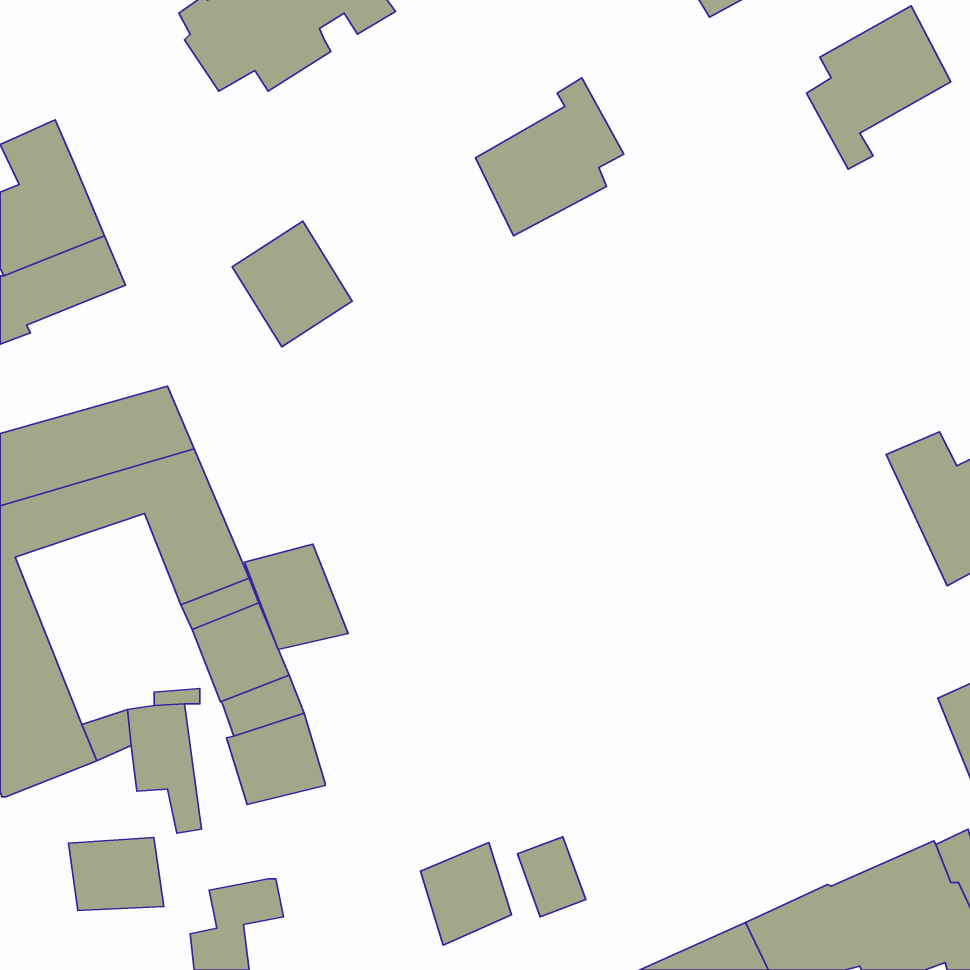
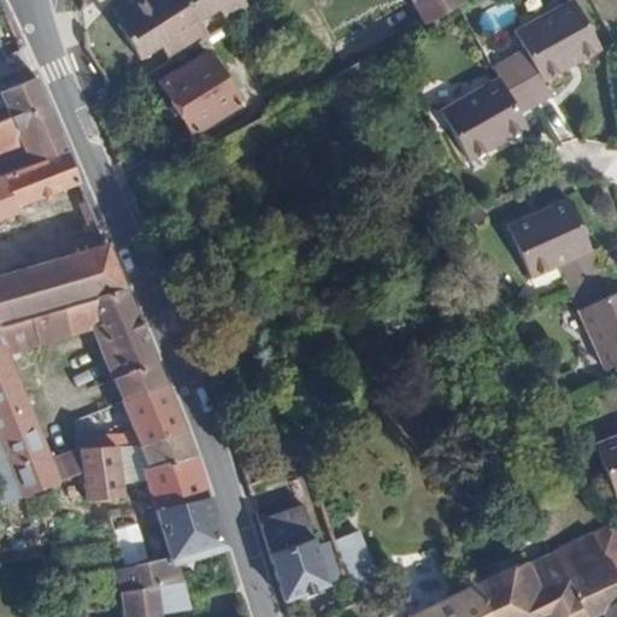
building: [475,78,624,236] -> [445,59,539,159]
building: [232,221,352,347] -> [163,52,239,131]
building: none -> [503,200,597,288]
building: [244,544,348,650] -> none
building: none -> [158,498,222,557]
building: none -> [258,501,311,552]
building: [69,838,164,911] -> none

